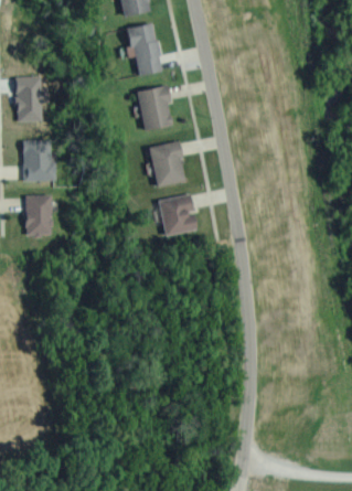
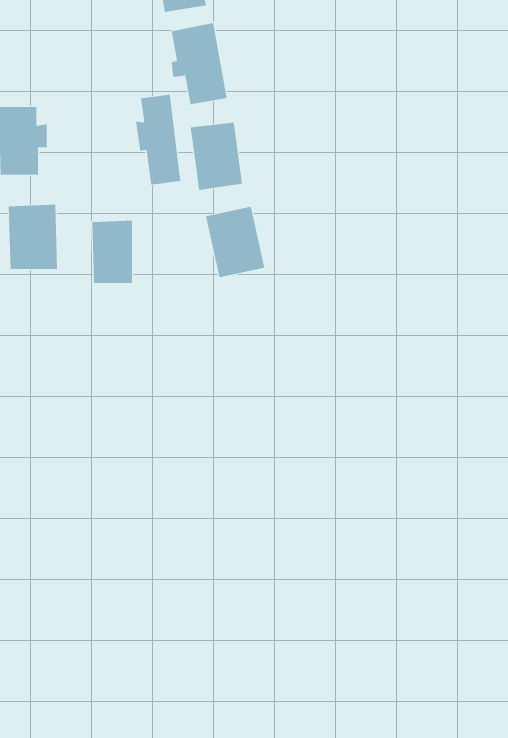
building: none -> [136,94,181,186]
building: [24,194,51,235] -> [92,220,133,284]
building: [158,194,198,236] -> none

